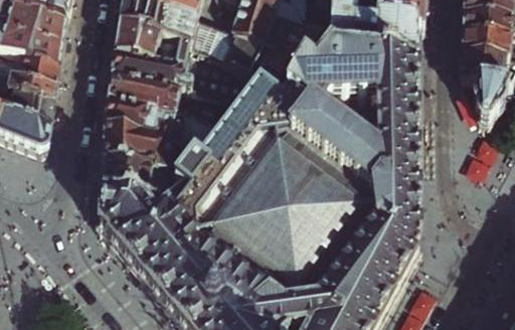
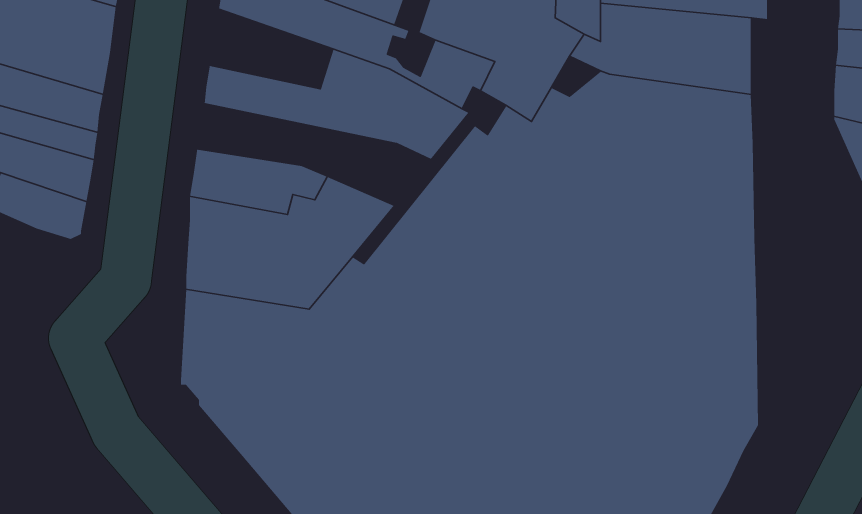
building: [117,17,185,61] -> none
building: [110,69,239,126] -> none

